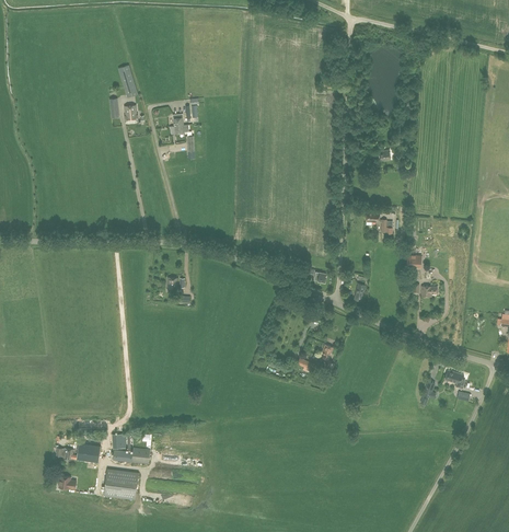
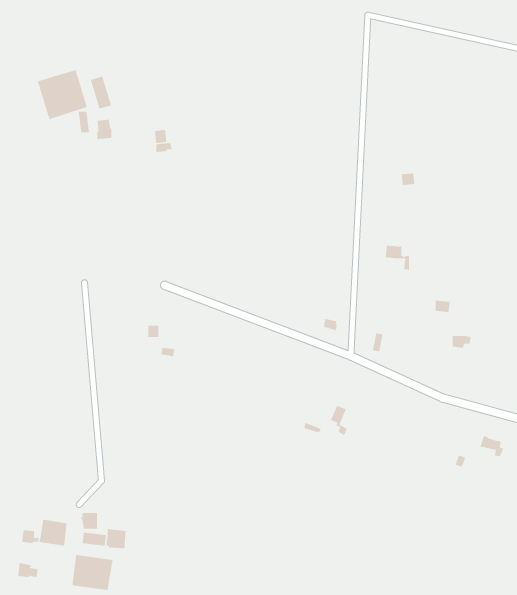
building: none -> [37,69,88,120]

